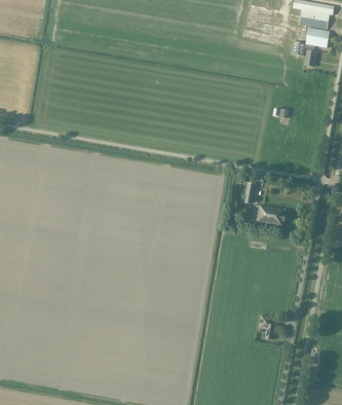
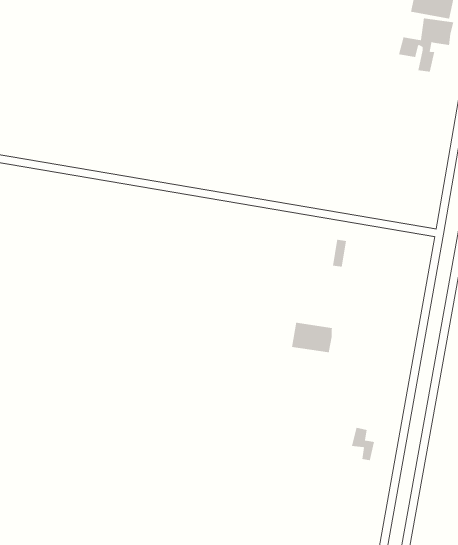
building: [257,205,287,226] -> [291,322,334,353]

